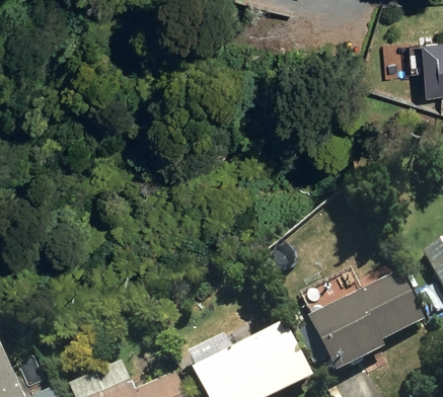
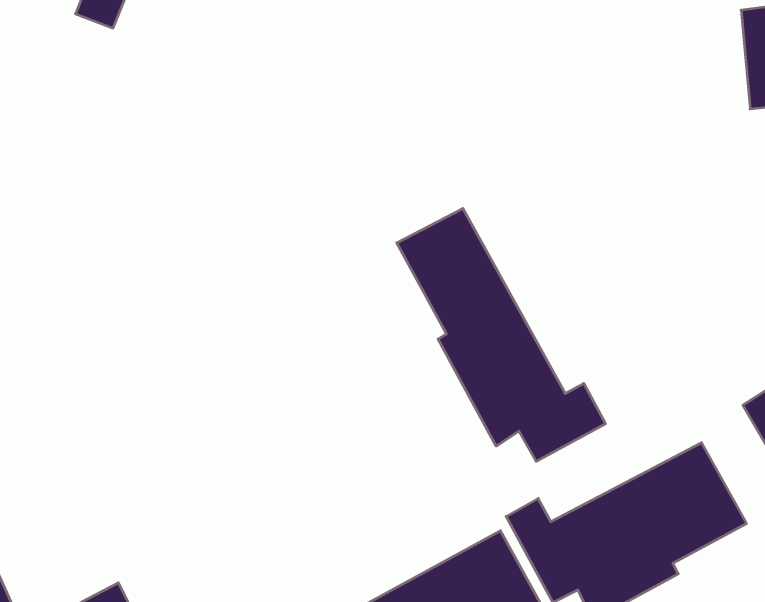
building: none -> [397,208,605,461]

